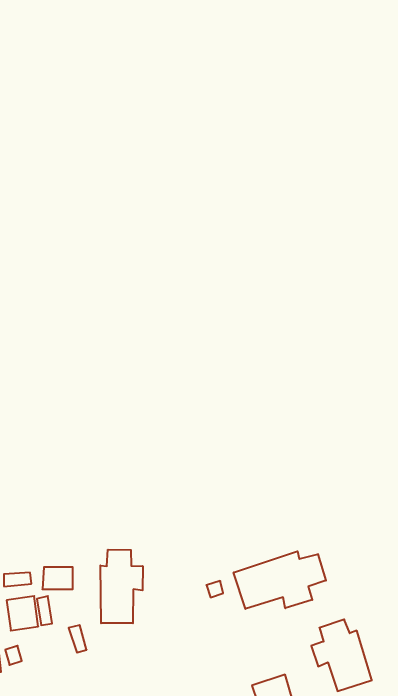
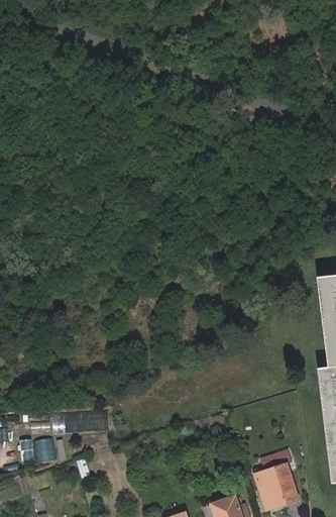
building: [100,550,143,623] -> none
building: [234,551,326,609] -> none

